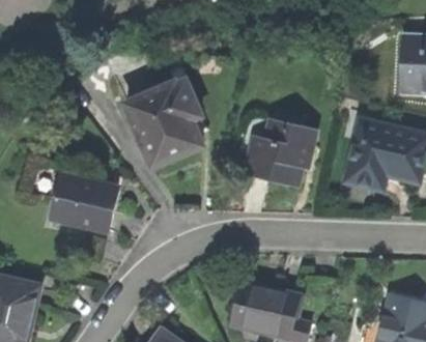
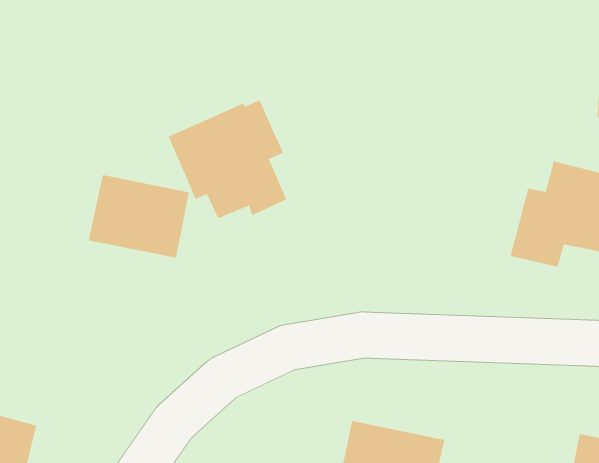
building: [246,119,313,184] -> none
building: [52,178,117,232] -> [88,174,189,258]

